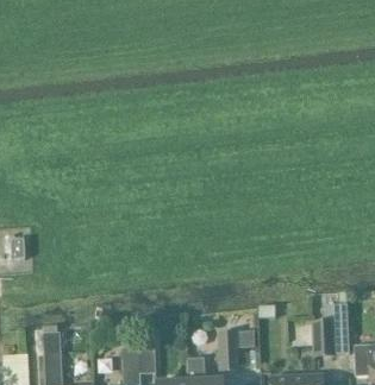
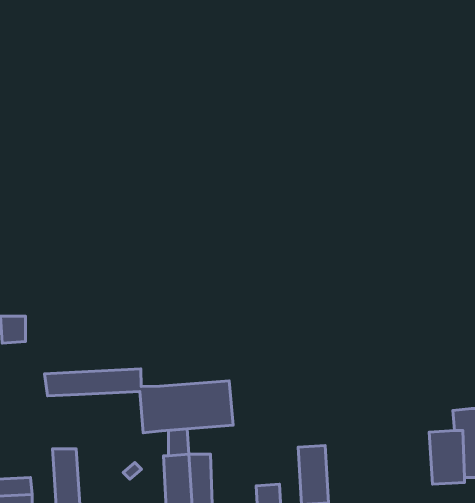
building: none -> [45,369,233,433]

